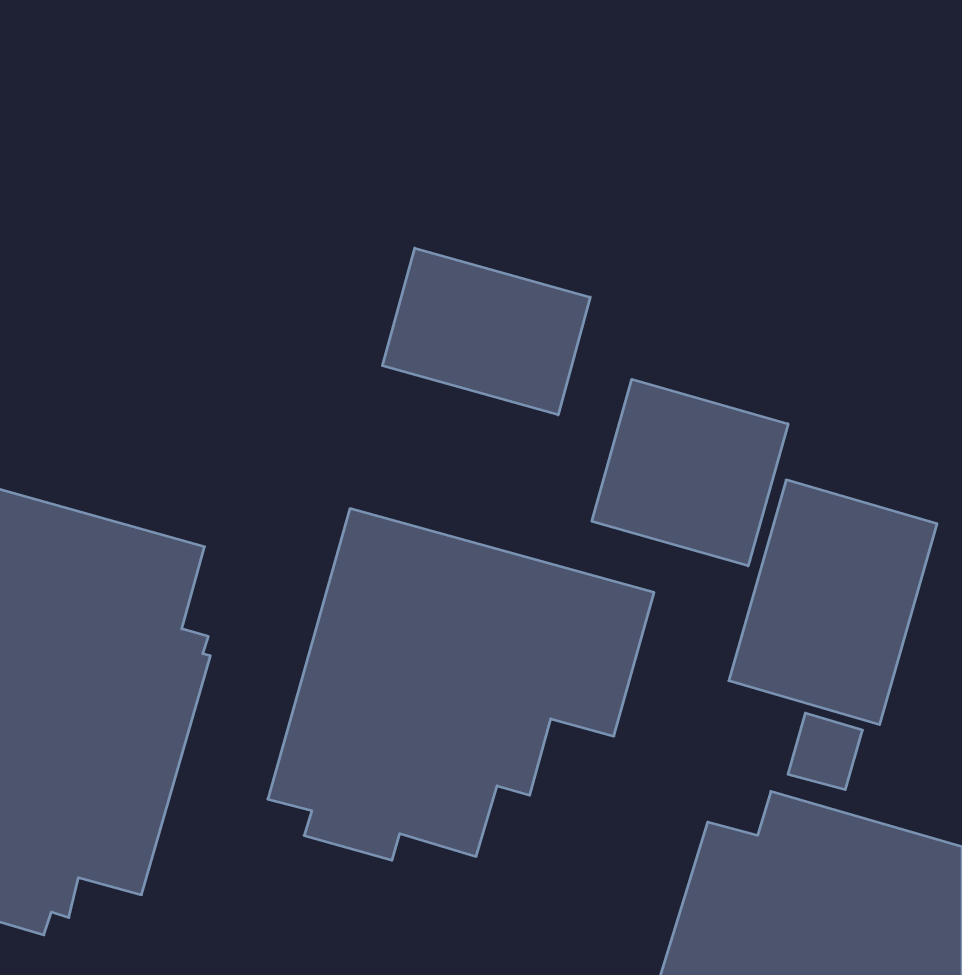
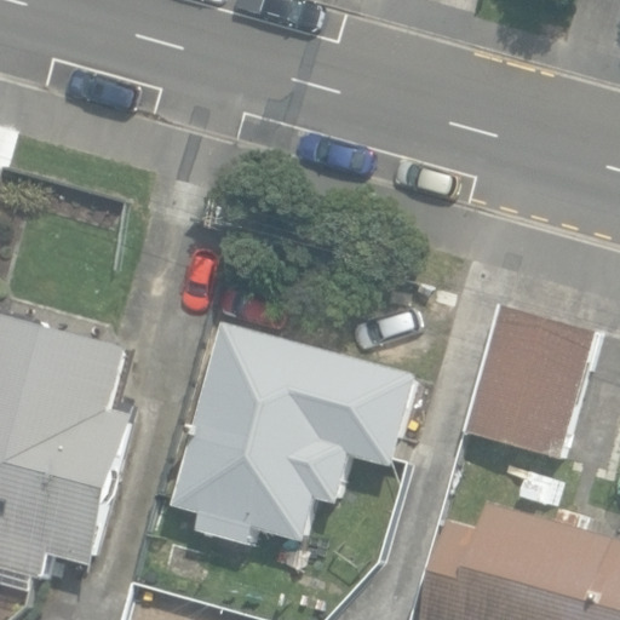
building: [382,248,590,415] -> none
building: [592,379,788,566] -> none

